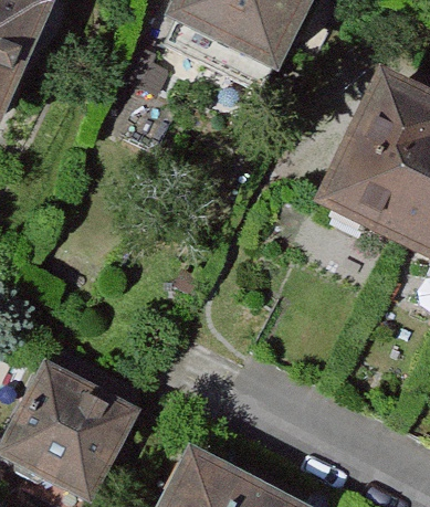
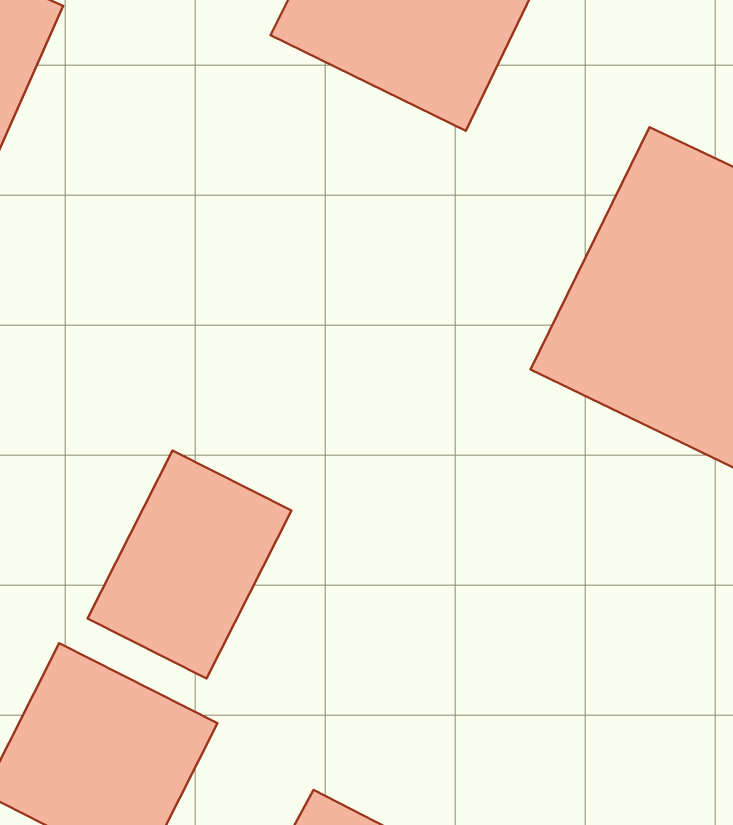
building: none -> [88,451,291,679]

